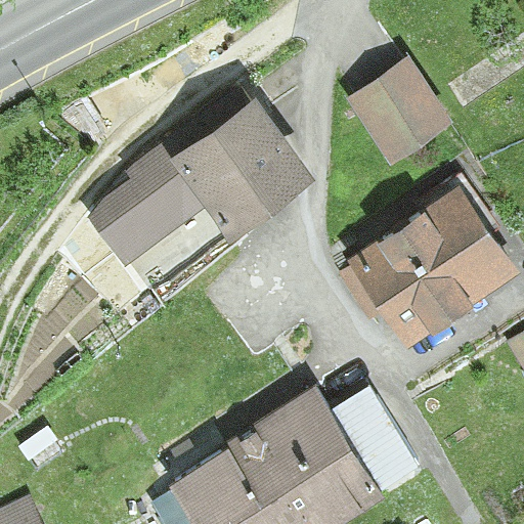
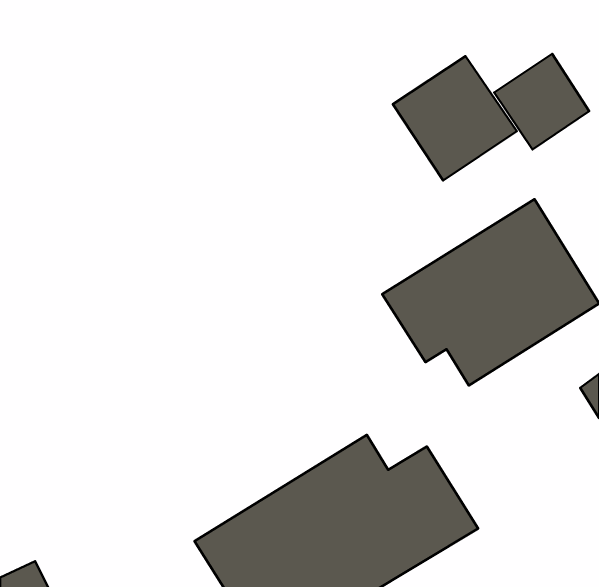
building: none -> [494,54,589,149]
building: [83,93,315,273] -> none

